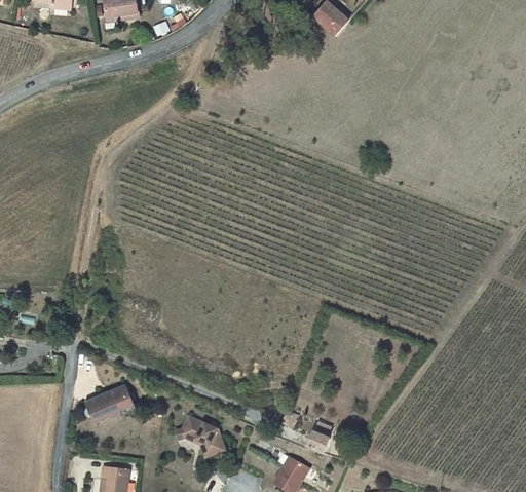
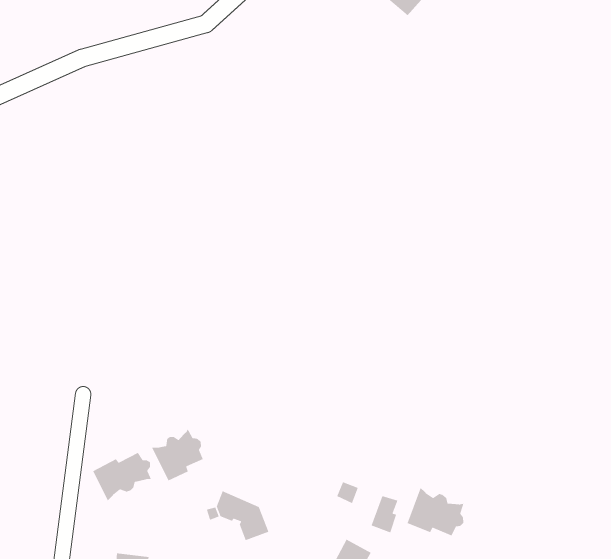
building: none -> [151,428,204,482]
building: none -> [406,487,465,536]

